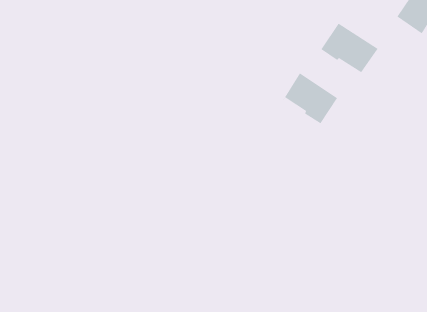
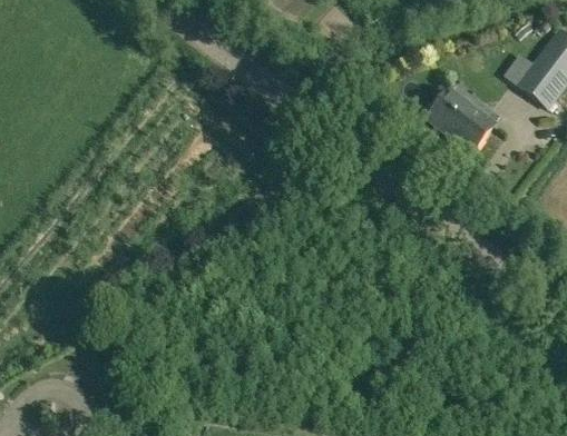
building: [283,73,338,124] -> none

